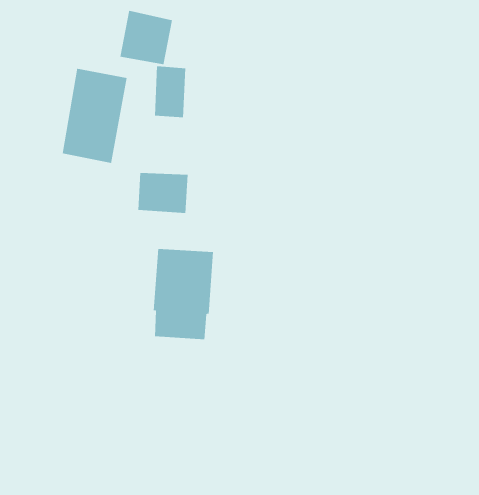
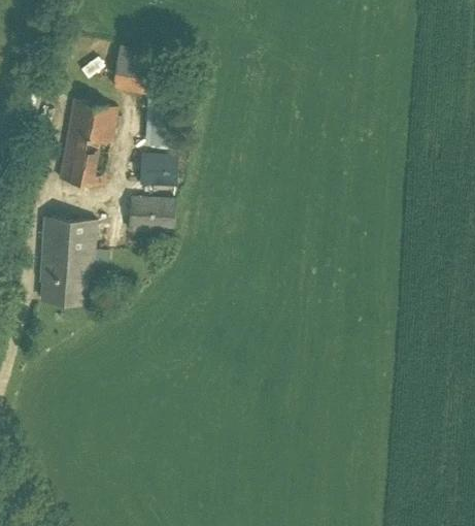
building: none -> [139,154,178,186]
building: [153,249,214,340] -> [39,219,96,303]

